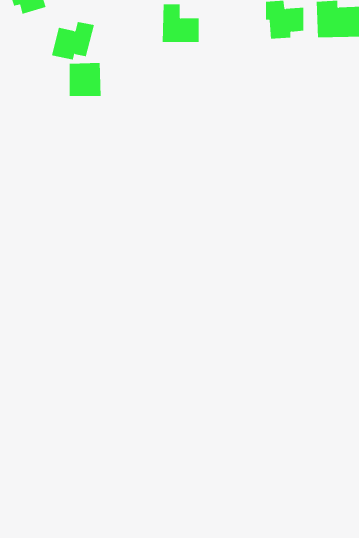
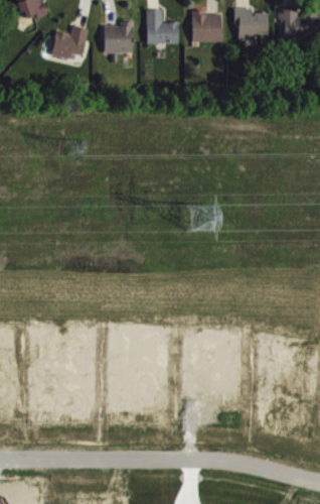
building: none -> [192,12,220,41]
building: [69,62,102,97] -> [104,23,132,52]

